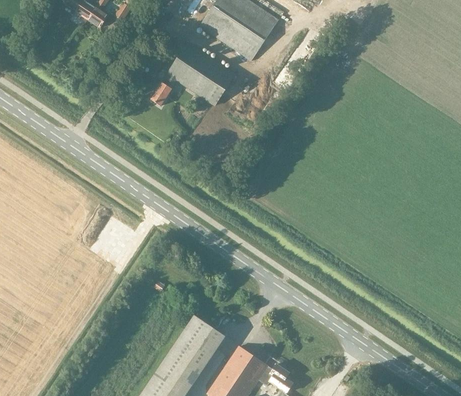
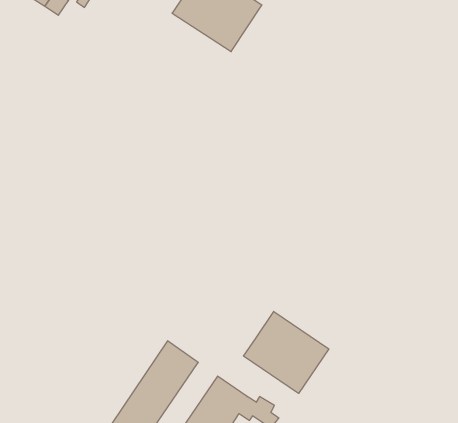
building: [150,44,235,107] -> none
building: none -> [244,311,329,393]

